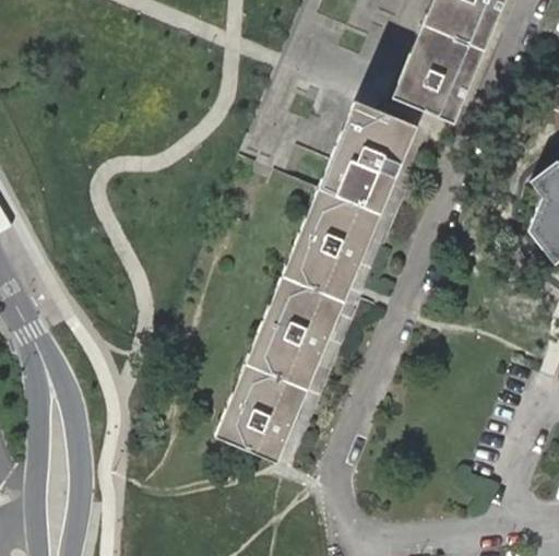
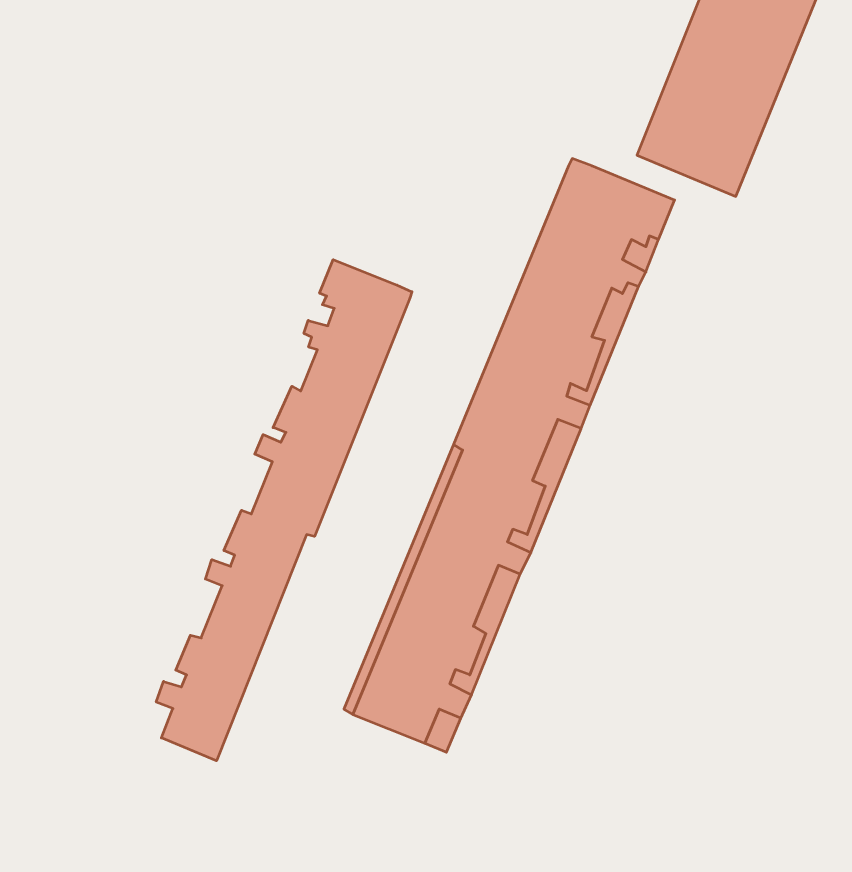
building: none -> [156,260,412,761]

